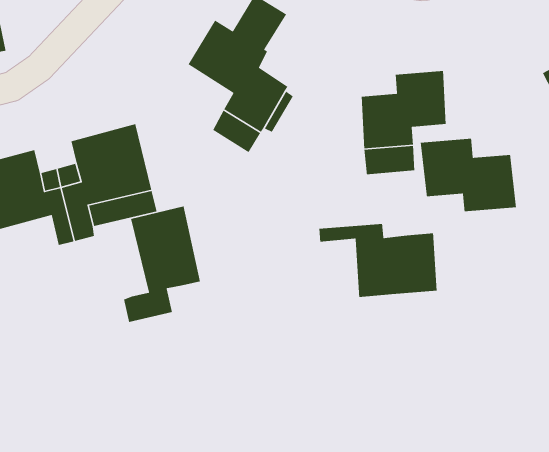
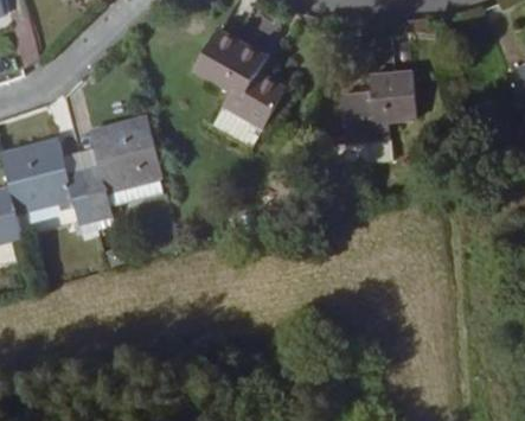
building: [420,138,517,212] -> none
building: [123,205,201,323] -> none
building: [318,223,437,298] -> none

